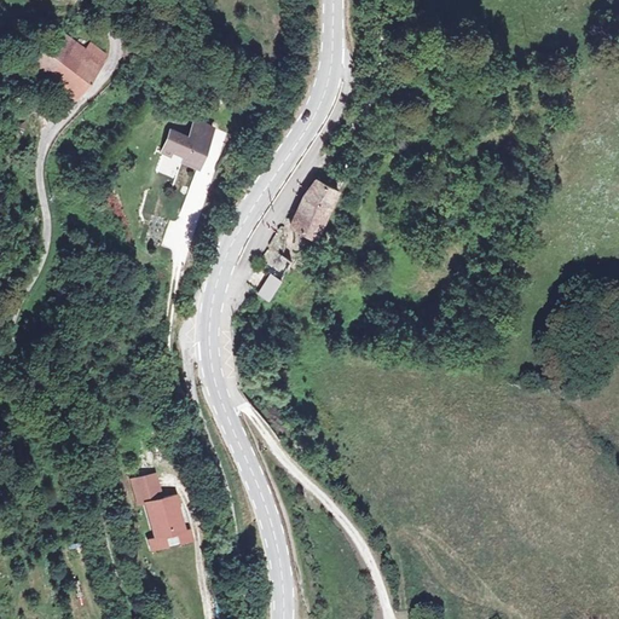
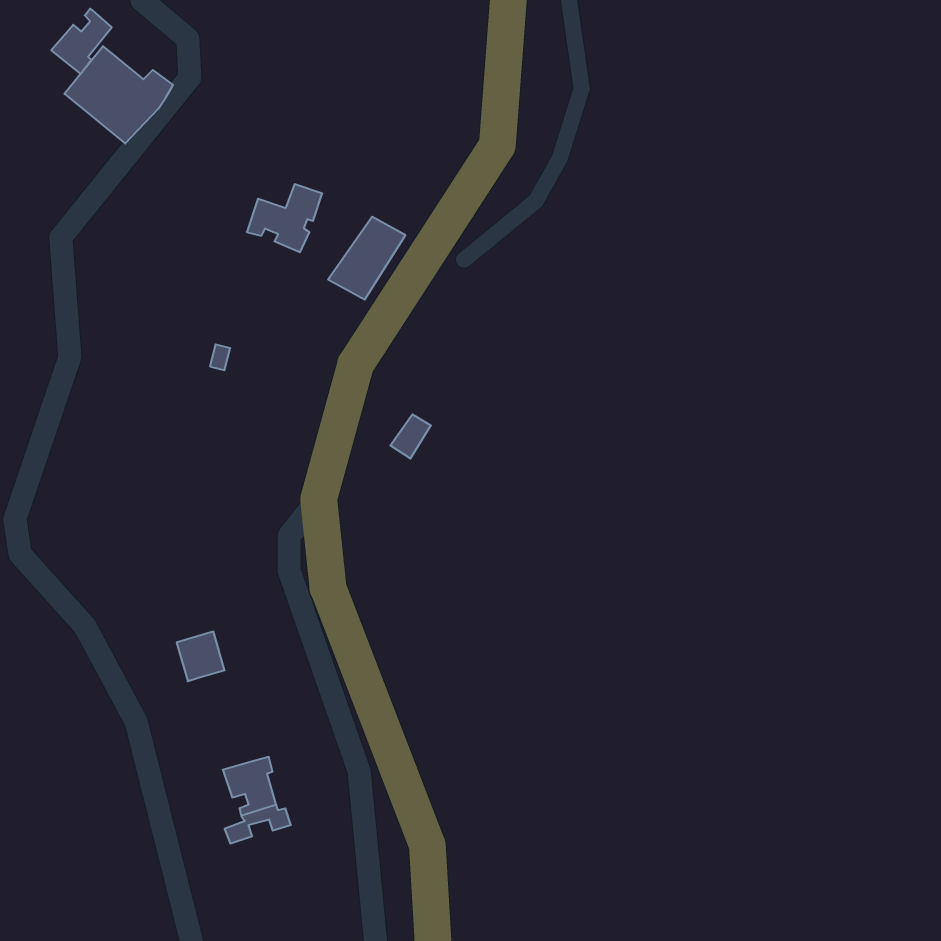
building: none -> [51,9,112,74]
building: [291,175,342,230] -> [328,217,405,300]
building: [132,475,163,508] -> [177,632,225,681]

